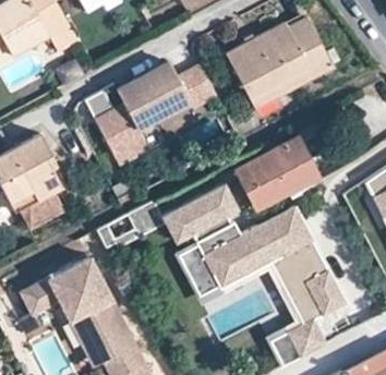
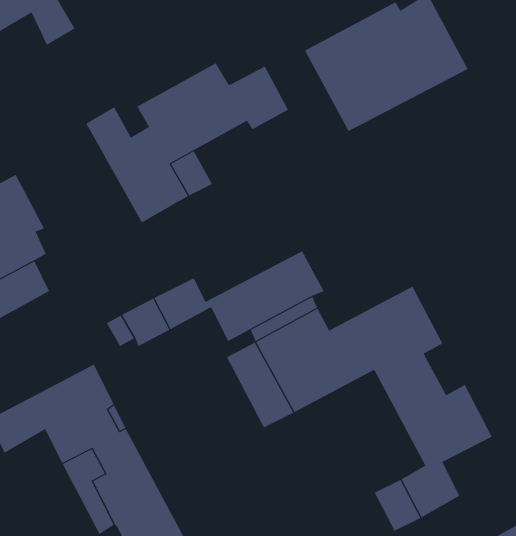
building: [236,138,316,208] -> none

